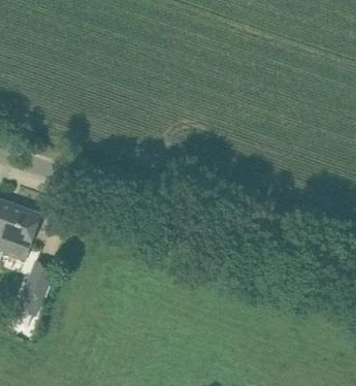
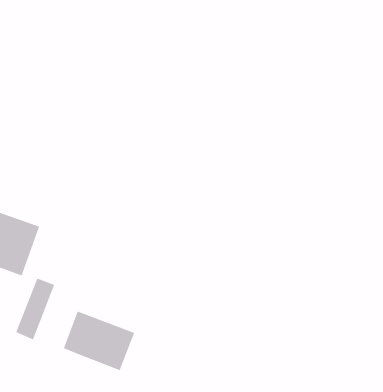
building: none -> [63,311,135,371]

